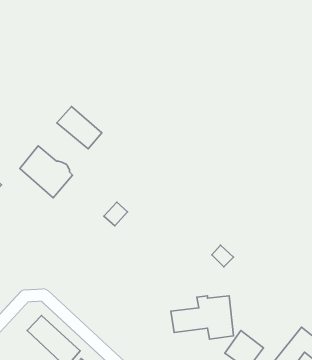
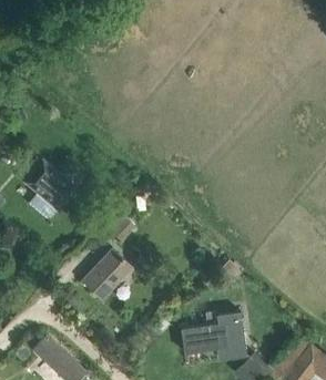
building: [57,107,102,149] -> none
building: none -> [80,248,132,300]

